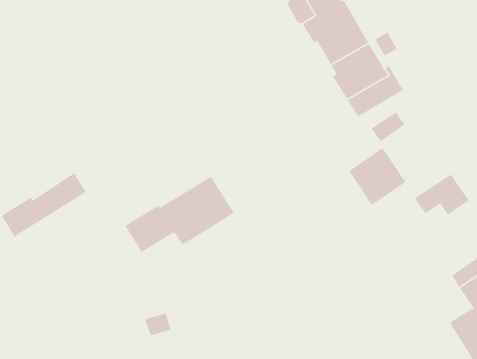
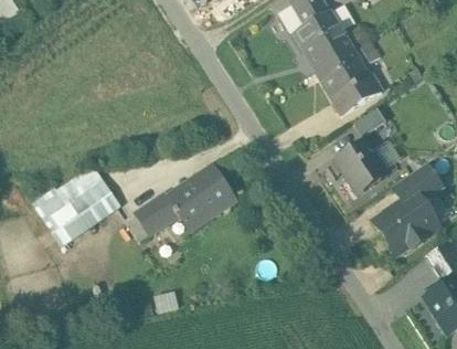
building: none -> [43,181,119,244]
building: none -> [374,192,438,254]

